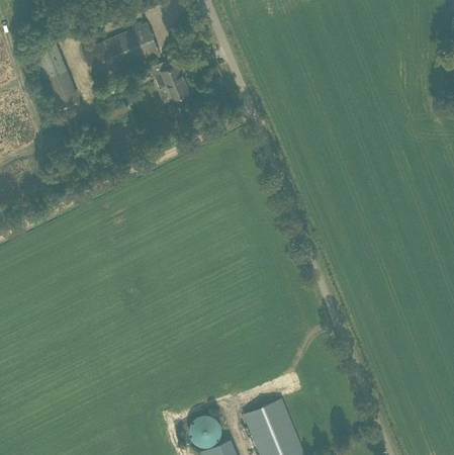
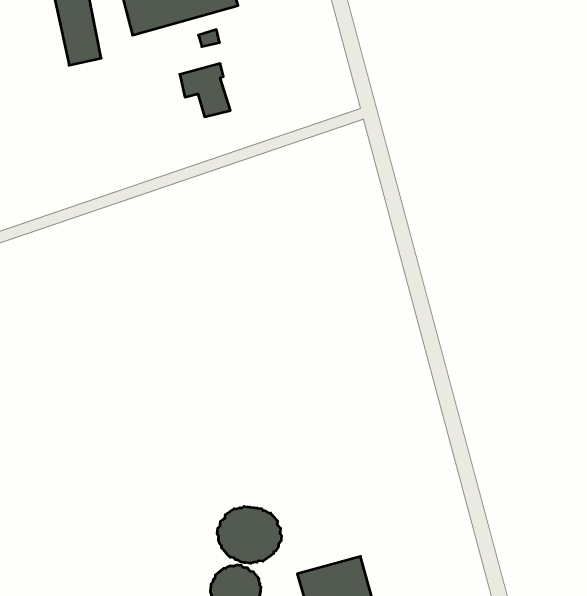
building: [155,64,190,99] -> [180,64,230,117]
building: none -> [217,506,282,563]

